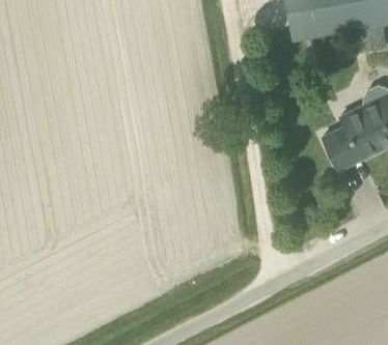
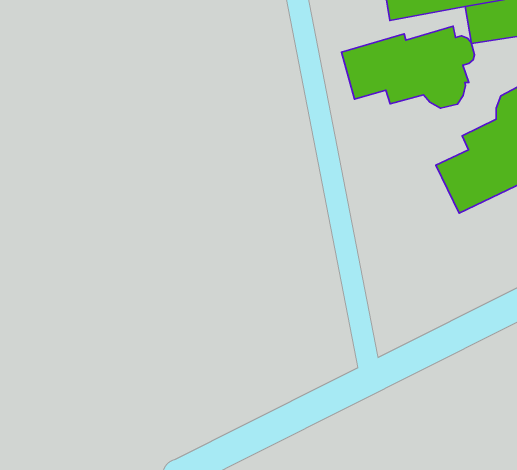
building: none -> [341,26,474,108]

